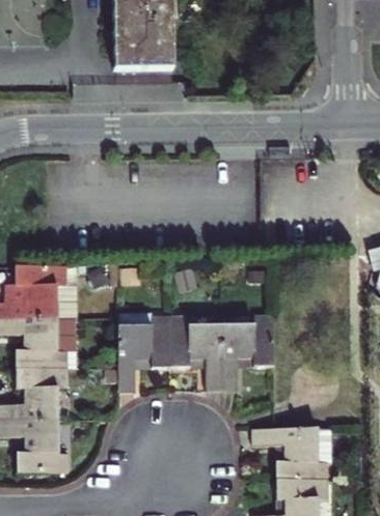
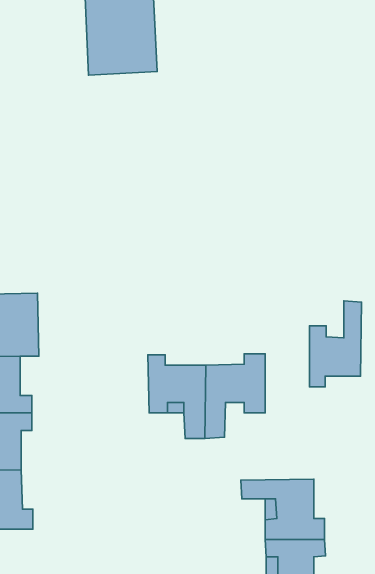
building: none -> [310,301,361,387]
building: [118,317,171,393] -> none

